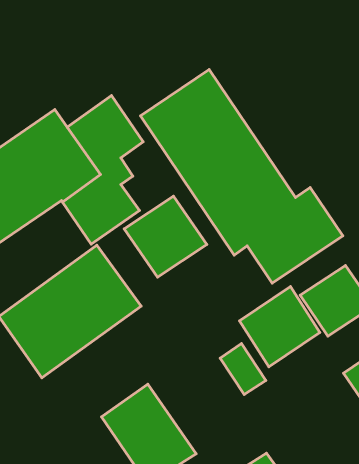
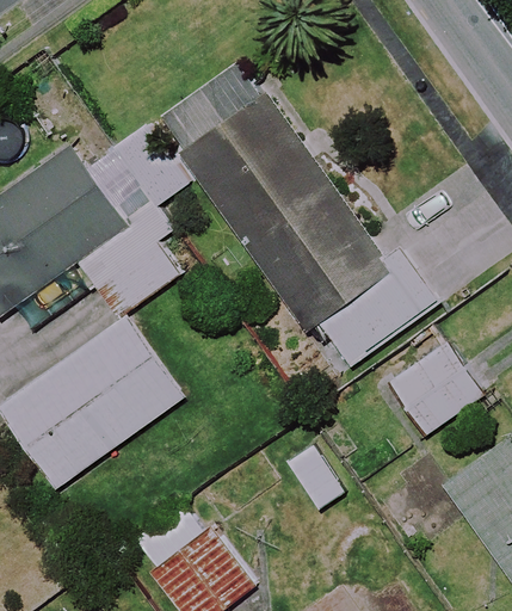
building: [124,196,207,277] -> none
building: [239,287,320,367] -> none

